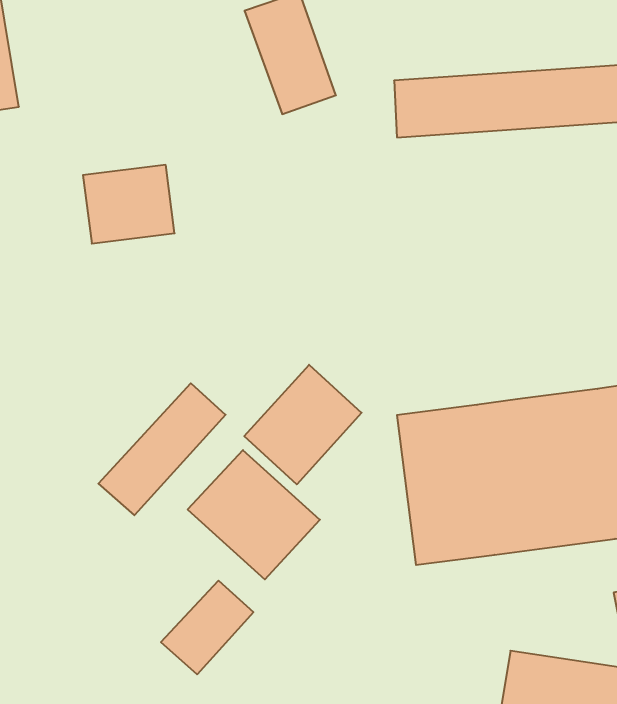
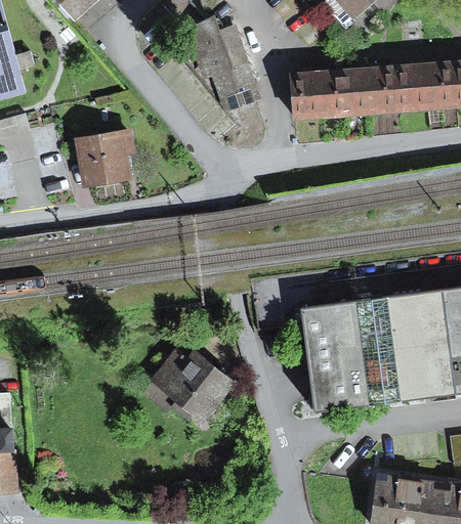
building: [244,365,362,484] -> none
building: [98,383,226,515] -> none
building: [161,581,253,674] -> none

